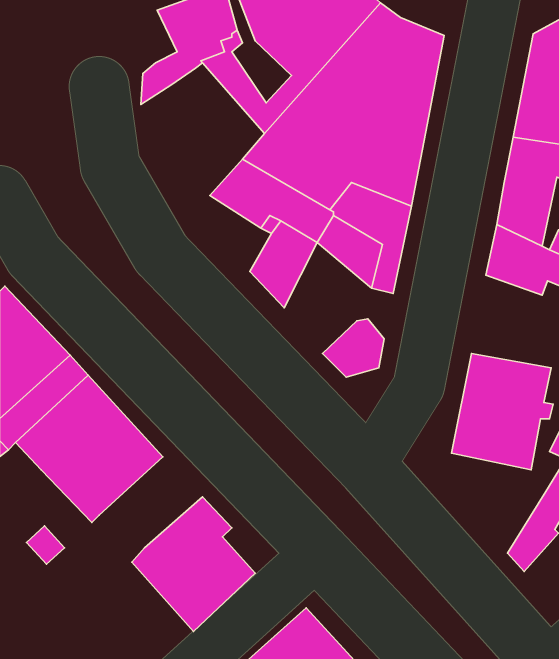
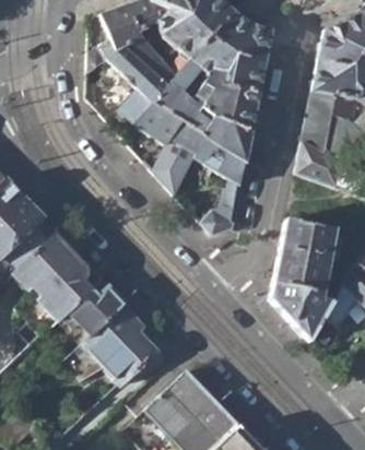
building: none -> [108,46,164,126]
building: none -> [272,281,333,341]
building: none -> [64,283,127,338]

